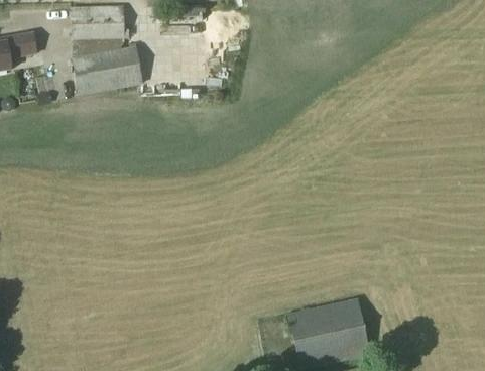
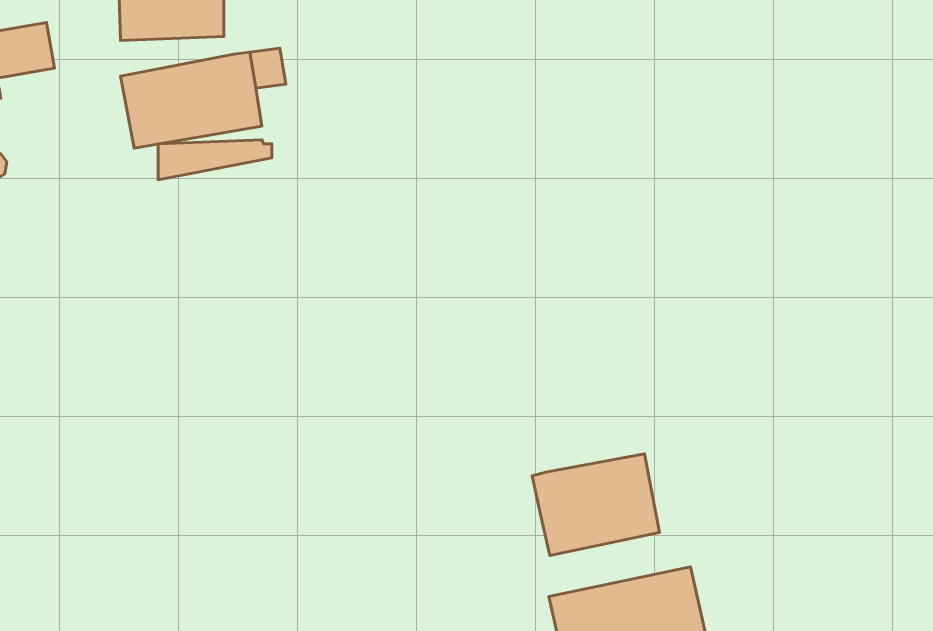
building: [72,37,129,57] -> [158,140,272,180]
building: none -> [532,454,660,556]

